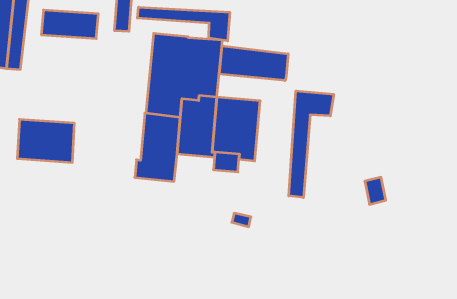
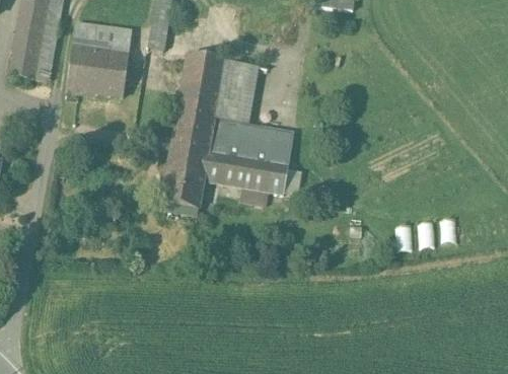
building: [137,7,230,41] -> none
building: [220,46,288,81] -> none
building: [289,91,334,198] -> none
building: [17,119,74,162] -> [67,47,129,95]

